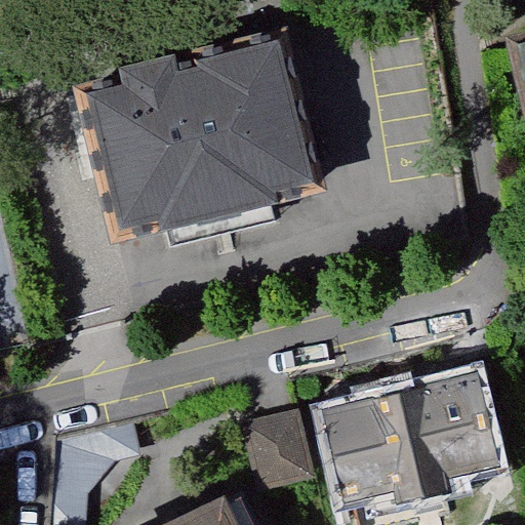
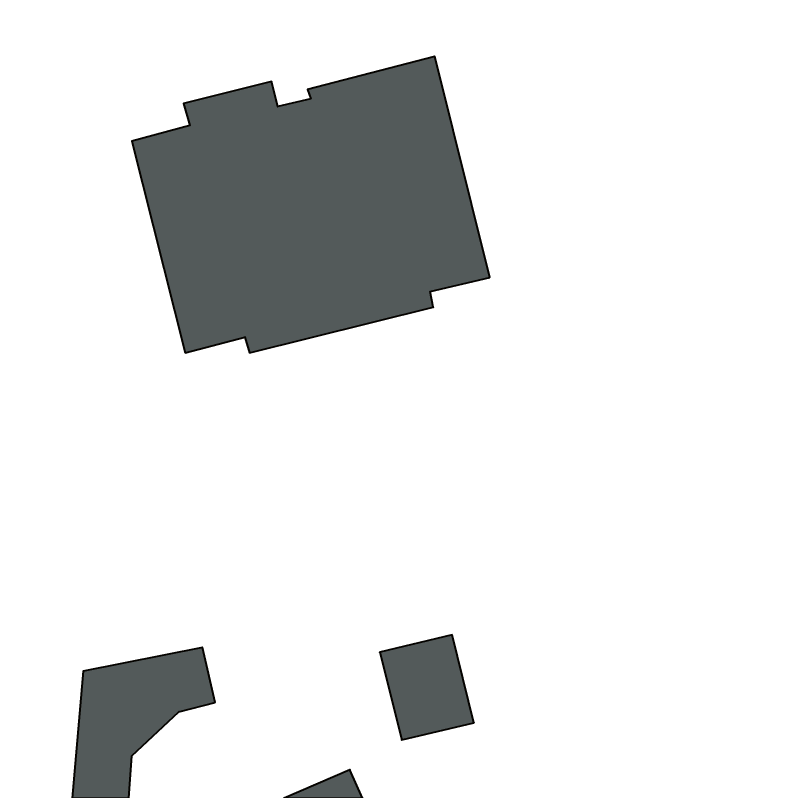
building: [333,378,497,497] -> none

